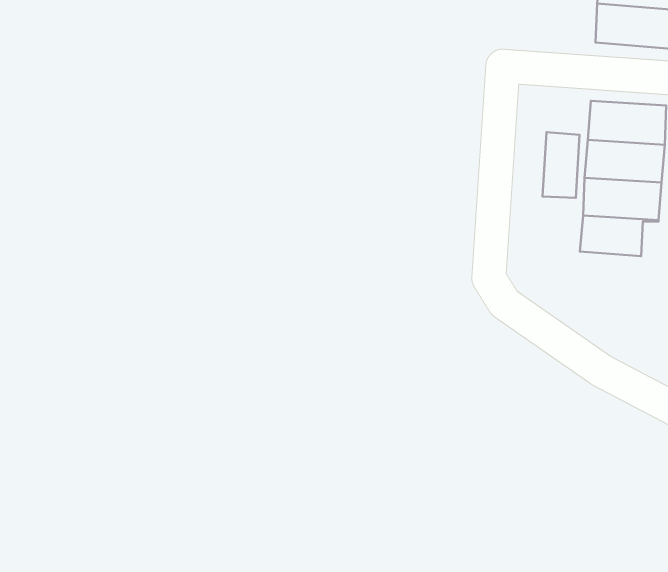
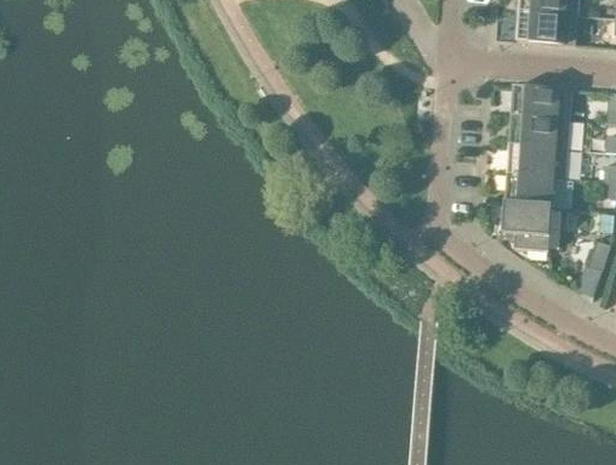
building: [542,132,580,198] -> none
building: none -> [506,202,555,250]

